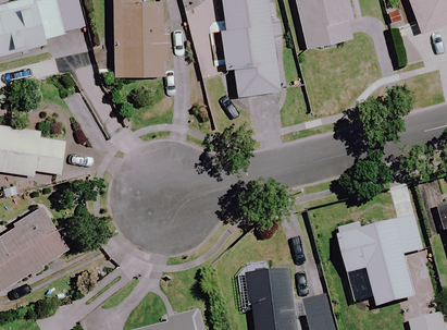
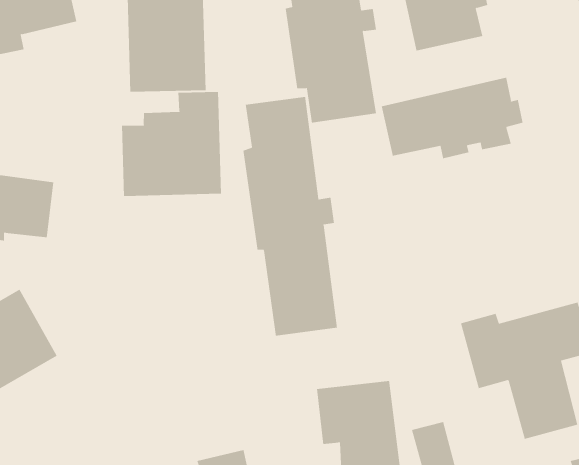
building: none -> [381,77,523,159]
building: none -> [122,91,221,197]
building: none -> [243,96,337,337]

